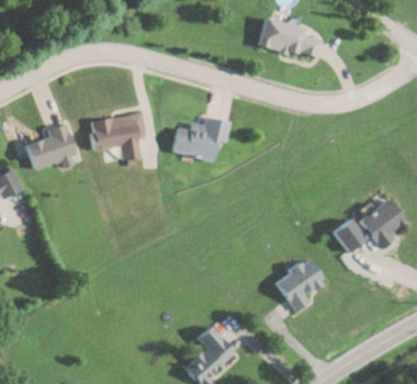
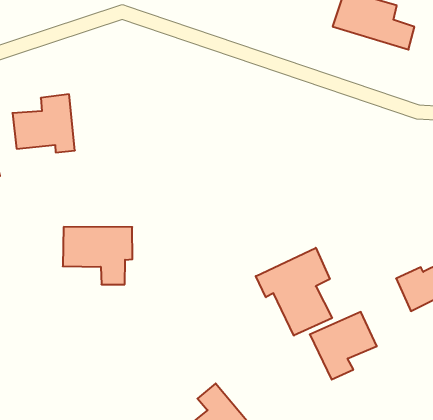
building: [90,114,145,160] -> [63,227,132,284]
building: [173,116,232,160] -> none
building: none -> [256,248,332,336]

